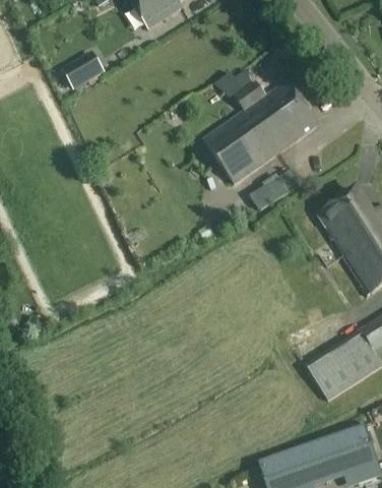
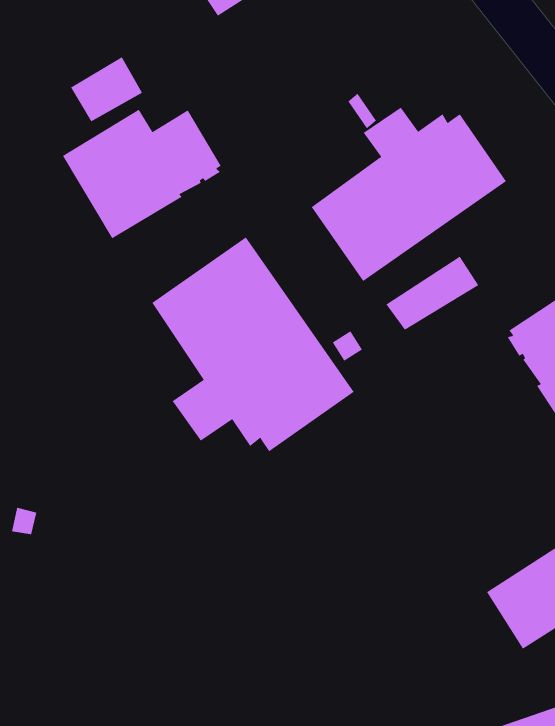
building: none -> [62,109,222,239]
building: none -> [151,236,354,452]

